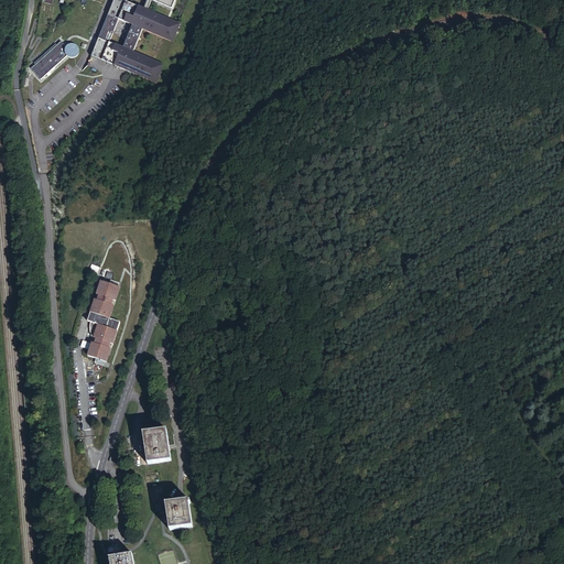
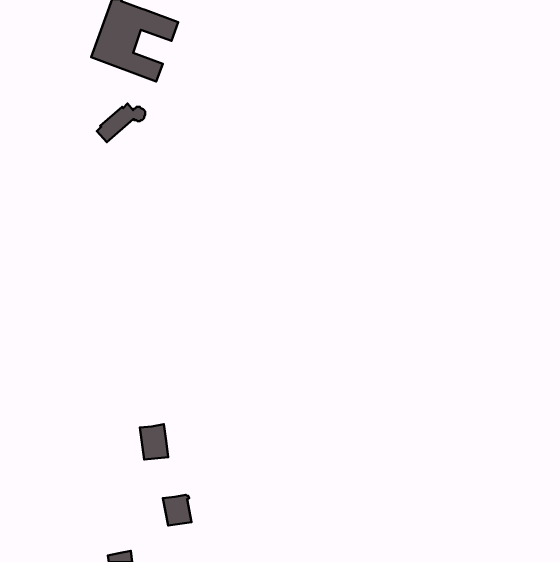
building: [31,42,79,80] -> [97,104,145,142]
building: [86,278,120,364] -> none

